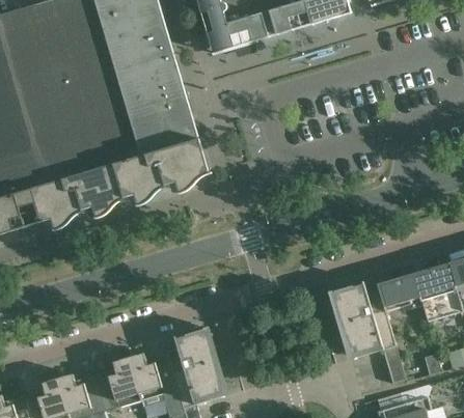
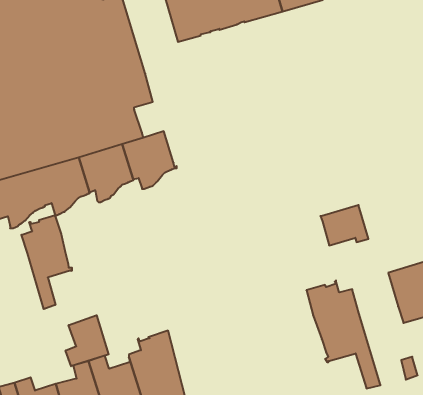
building: none -> [21,215,72,309]
building: [377,272,422,310] -> [320,205,368,245]
building: none -> [66,315,109,366]

